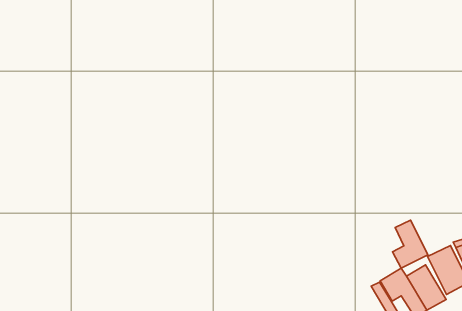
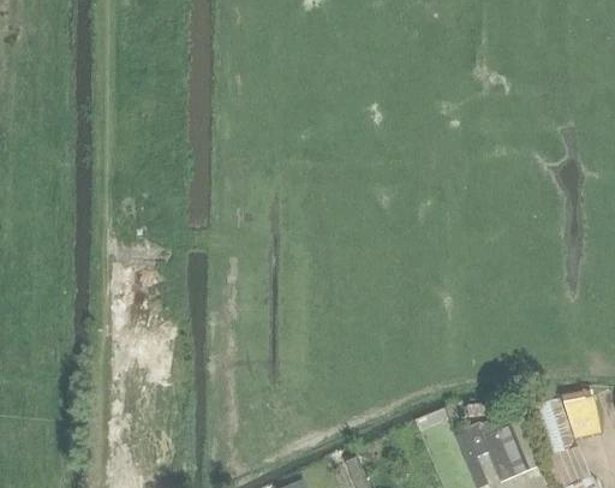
building: [393,220,428,268] -> none

